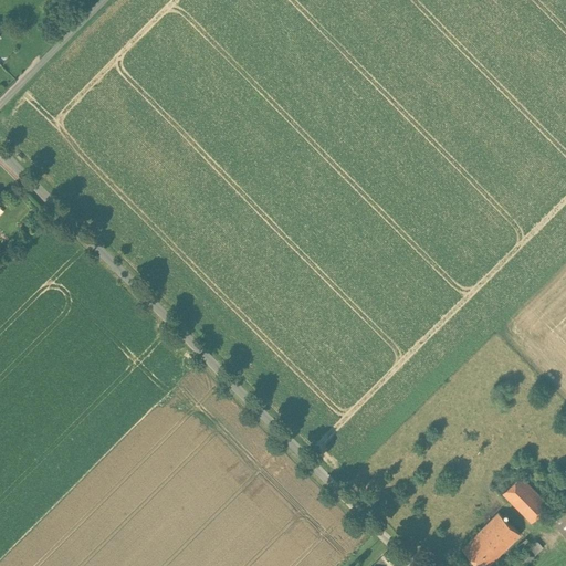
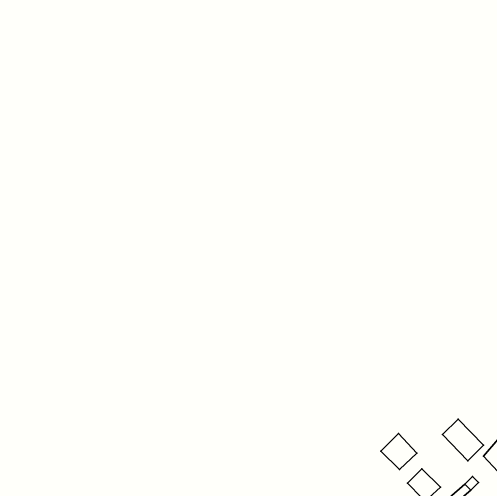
building: [480,514,521,555] -> [381,434,417,470]

